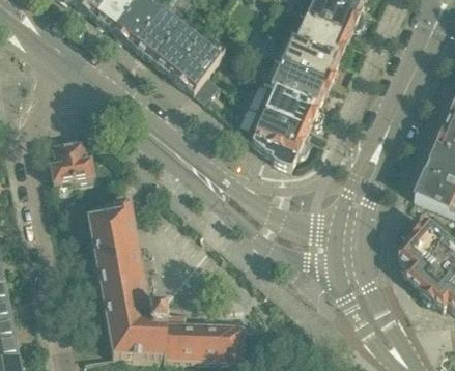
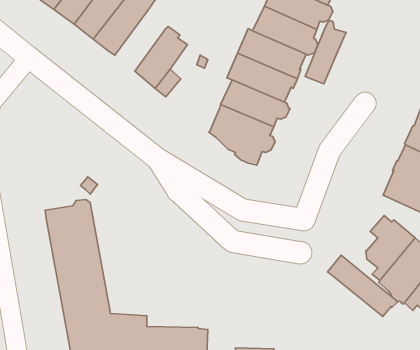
building: [153,17,203,76] -> none
building: none -> [305,20,346,84]
building: [50,141,94,183] -> none
building: none -> [327,255,398,317]

